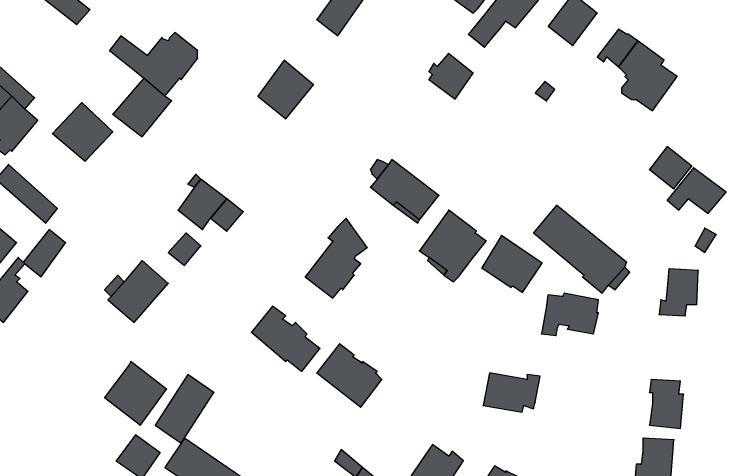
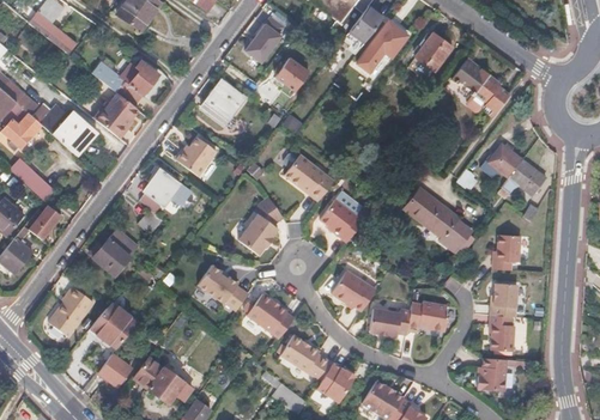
building: [429,53,473,99] -> [277,57,309,91]
building: none -> [176,136,213,174]
building: [482,235,542,292] -> [332,267,376,309]
building: [541,293,598,336] -> [406,302,448,333]
building: none -> [491,284,519,316]
building: [155,375,214,443] -> [49,287,92,337]
building: none -> [279,333,331,378]

